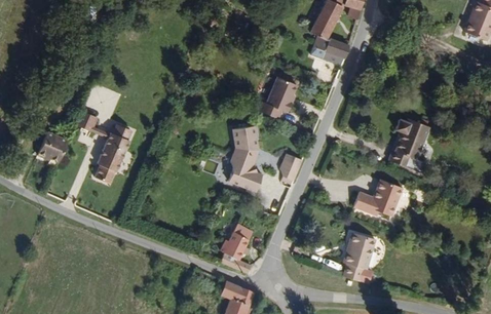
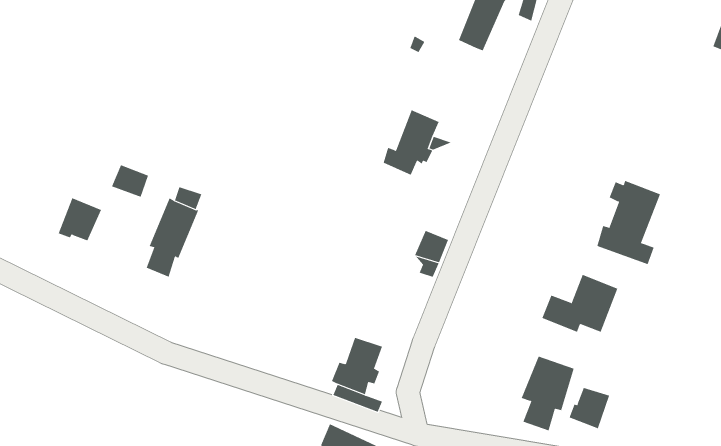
building: [310,33,345,61] -> none
building: [225,123,259,190] -> none
building: none -> [569,387,610,429]

